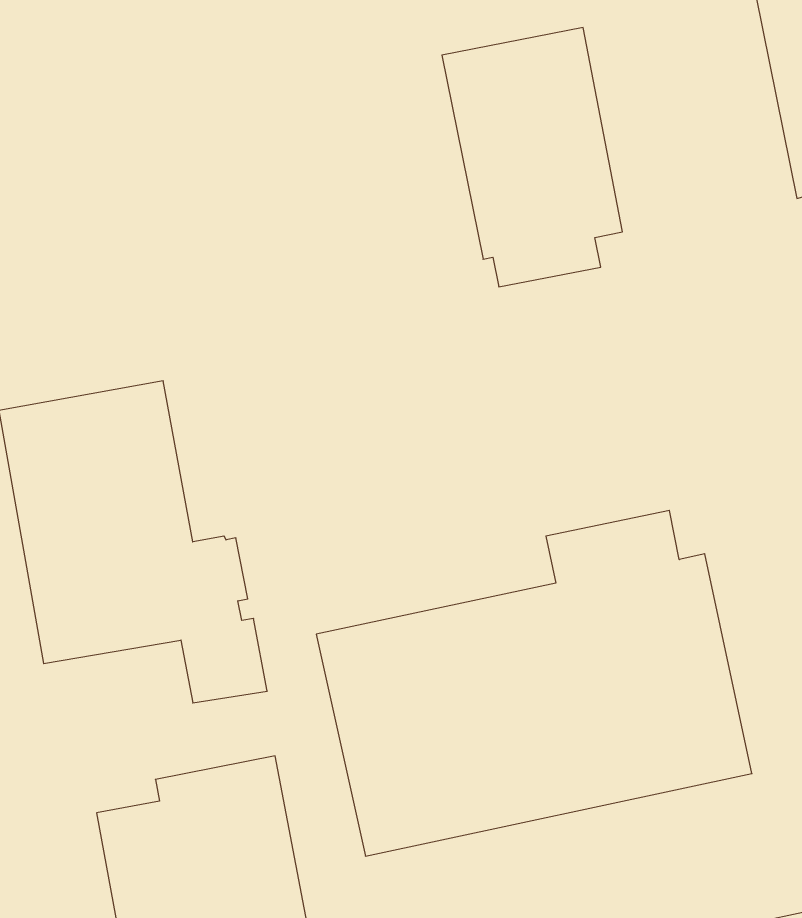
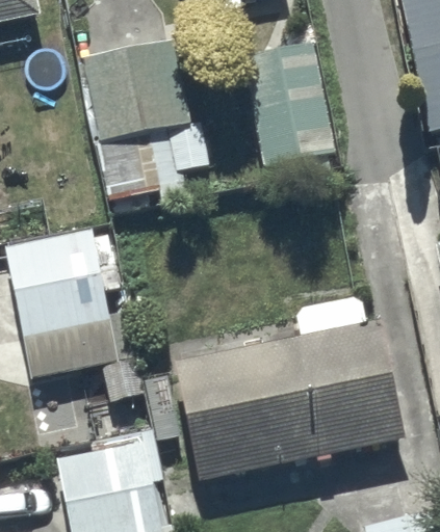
building: none -> [80,37,213,202]

